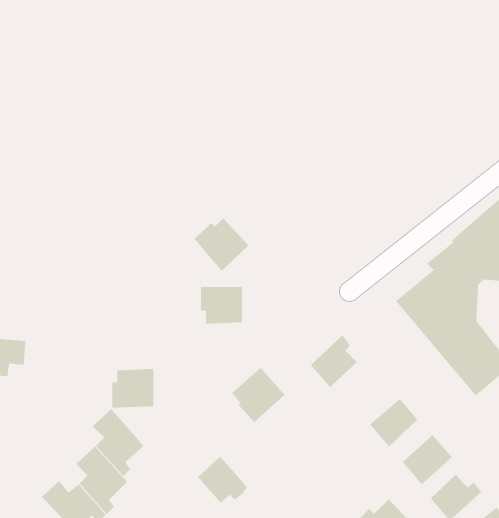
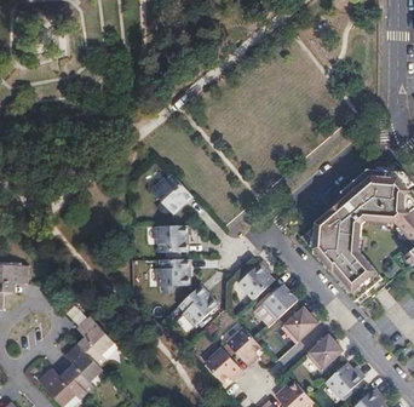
building: none -> [259,283,295,321]
building: [112,369,154,408] -> [156,258,188,287]
building: none -> [225,328,260,366]
building: [197,456,248,504] -> [203,348,241,383]

